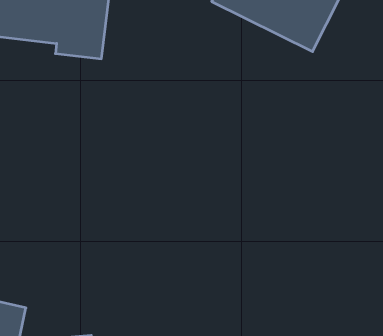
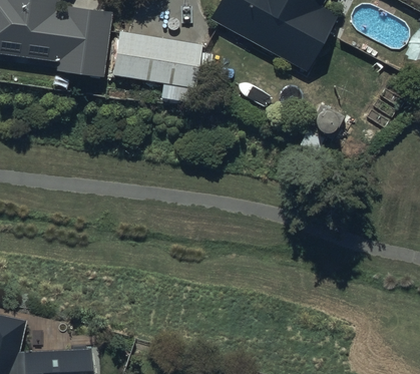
building: none -> [111,31,212,103]

